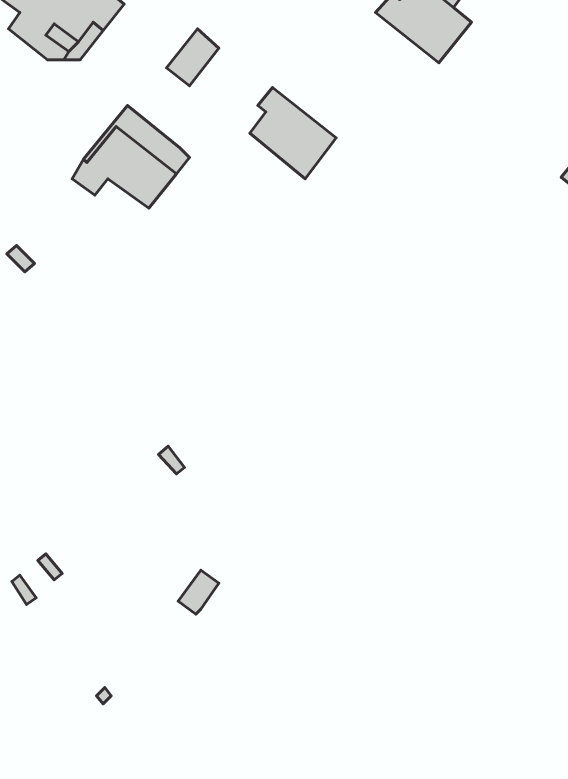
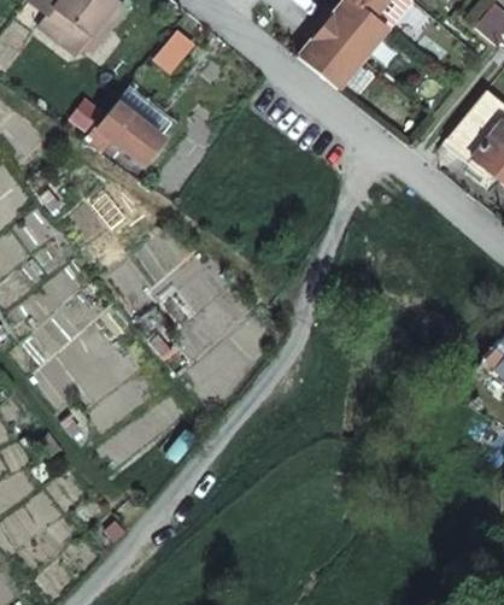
building: [250,87,336,179] -> [295,18,359,86]

